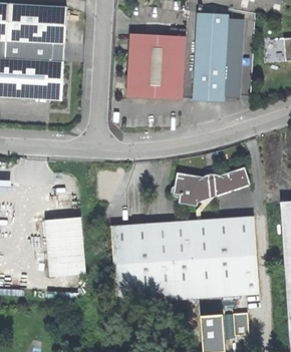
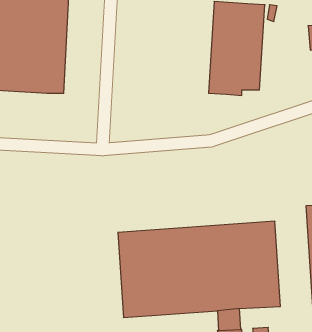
building: [127,33,185,99] -> none
building: [171,166,250,205] -> none
building: [45,218,84,276] -> none

